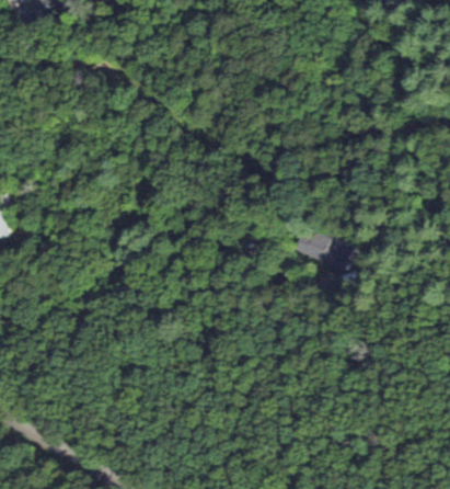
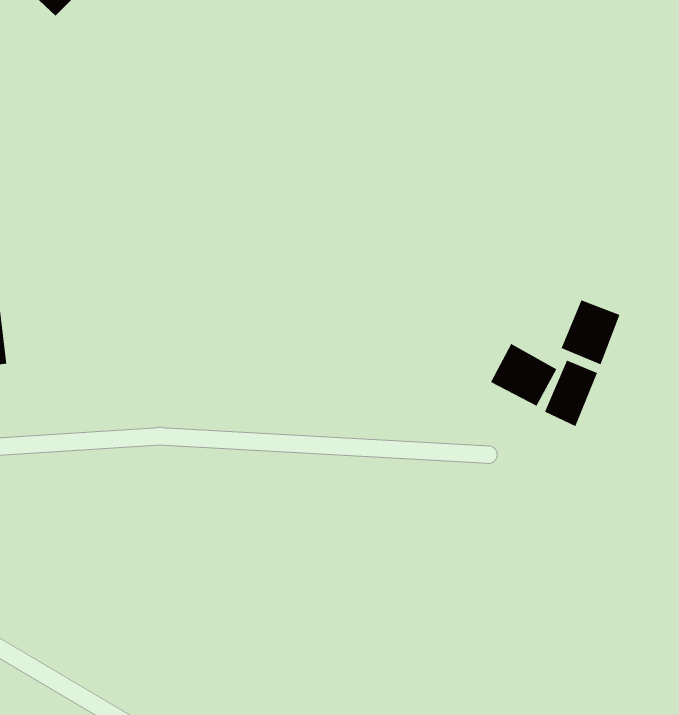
building: none -> [561,300,620,365]

